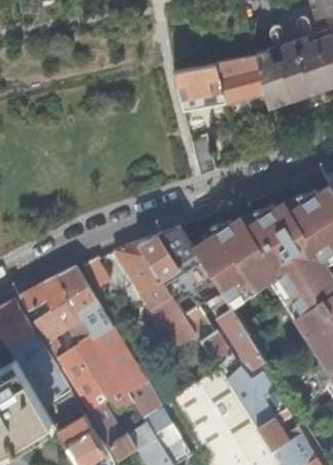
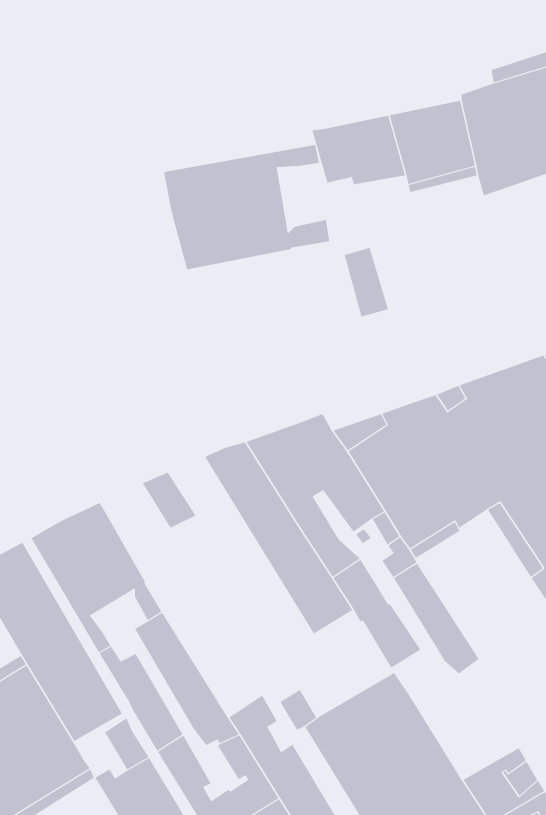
building: none -> [163,144,330,270]
building: [59,268,147,394] -> none
building: [228,368,288,428] -> none

